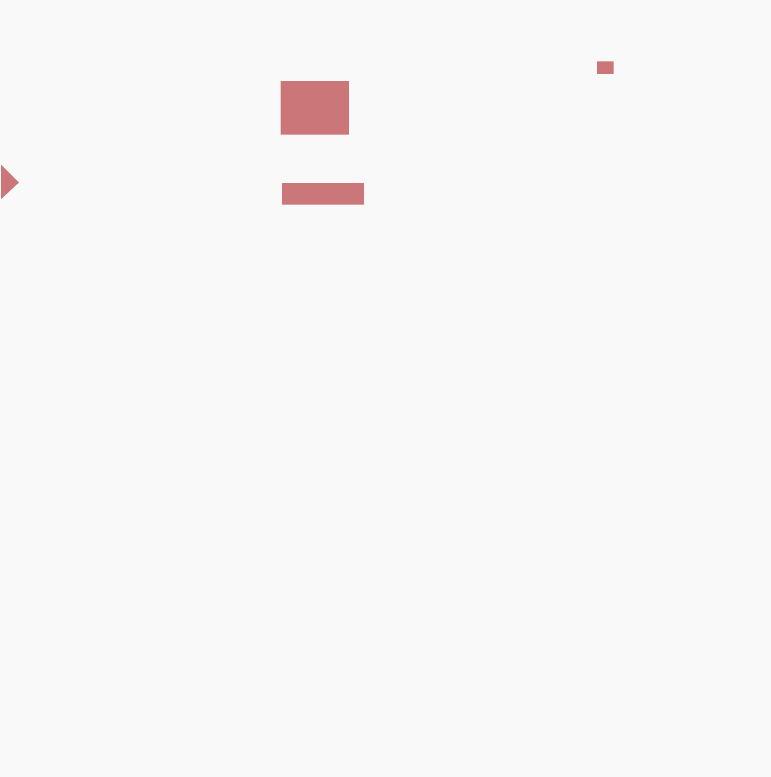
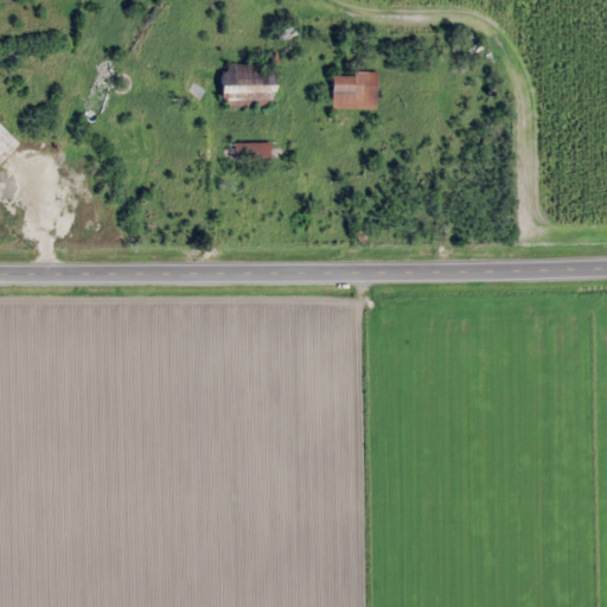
building: none -> [333,72,379,108]

